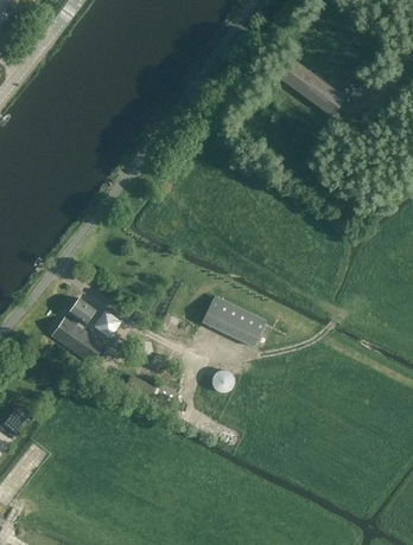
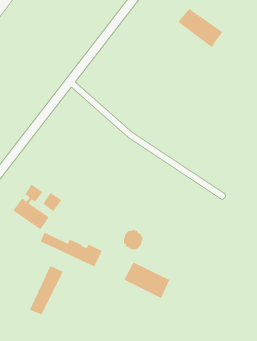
building: [201,296,265,347] -> [124,262,170,299]
building: none -> [29,265,63,315]

